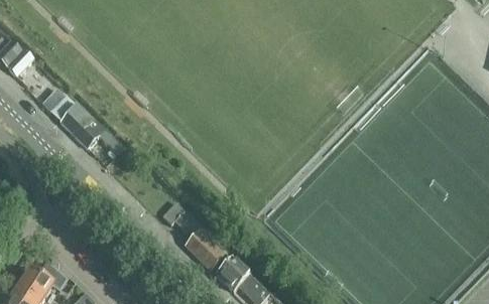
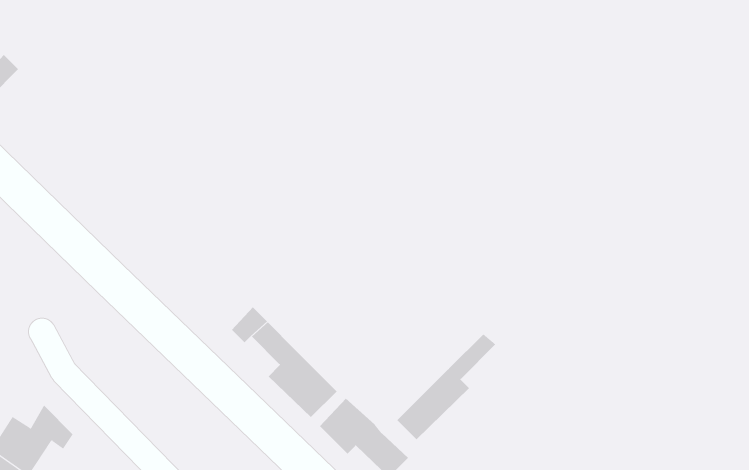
building: [49,95,123,154] -> none
building: none -> [397,333,496,440]

